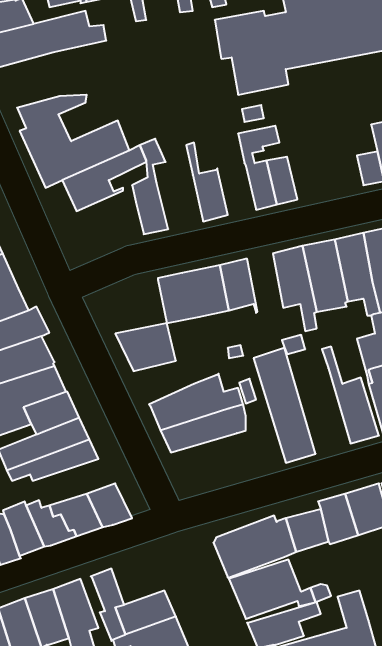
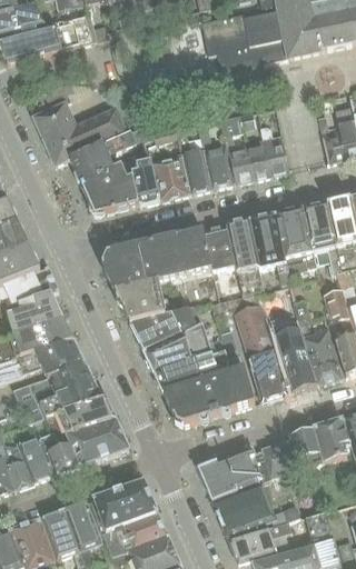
building: none -> [260,124,291,173]
building: none -> [150,127,190,199]
building: none -> [198,127,236,187]
building: none -> [81,161,139,212]
building: none -> [228,220,259,270]
building: none -> [102,242,159,289]
building: none -> [130,306,202,350]
building: none -> [273,319,317,391]
building: none -> [162,368,255,423]
building: none -> [43,397,115,439]
building: none -> [111,480,157,522]

